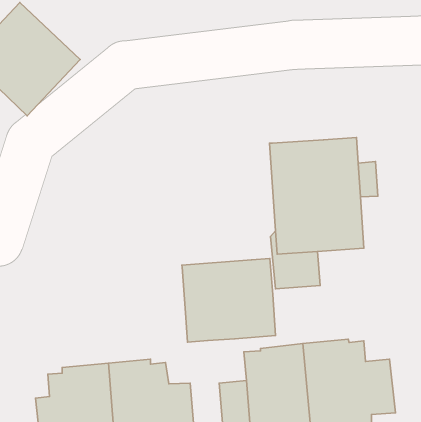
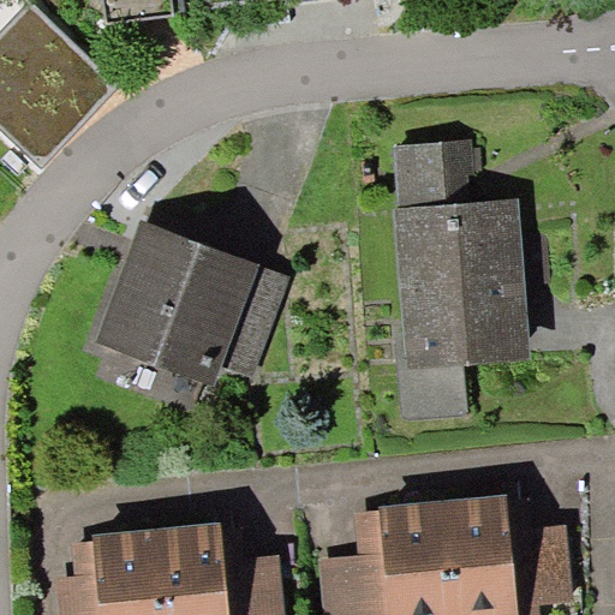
building: none -> [392,142,479,209]
building: none -> [92,220,288,388]
building: [182,259,276,342] -> none

